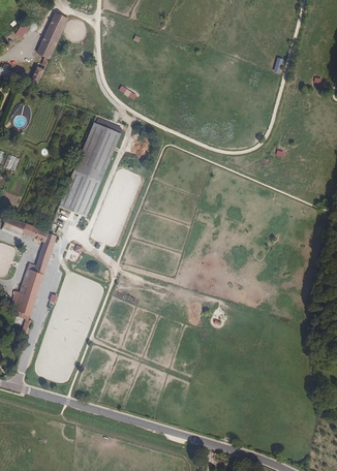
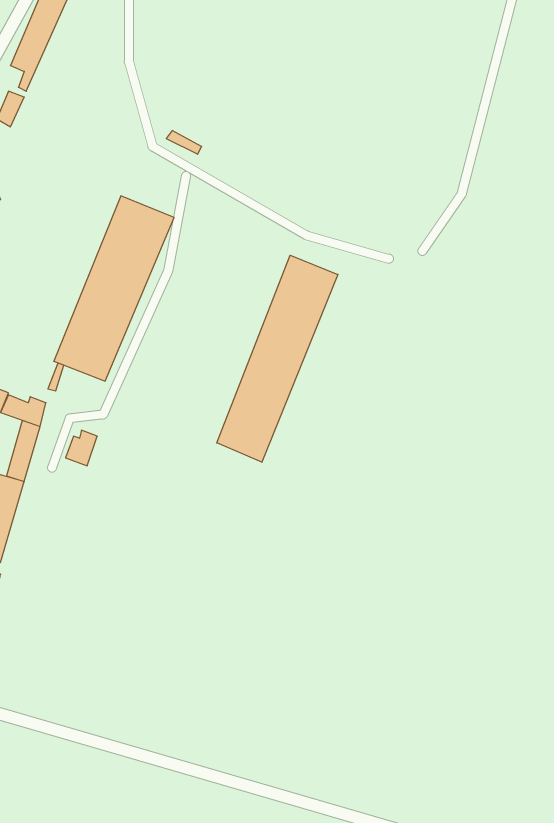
building: none -> [217,255,338,462]

